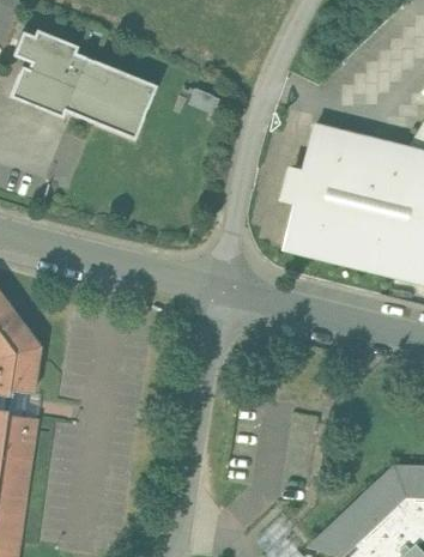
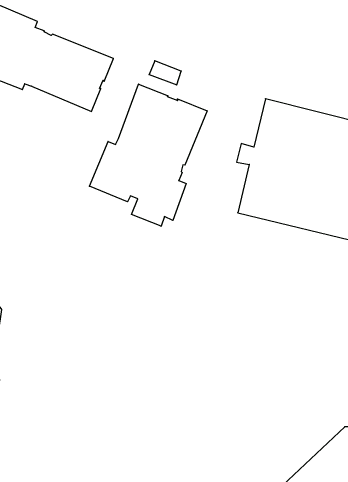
building: none -> [89,84,207,226]

